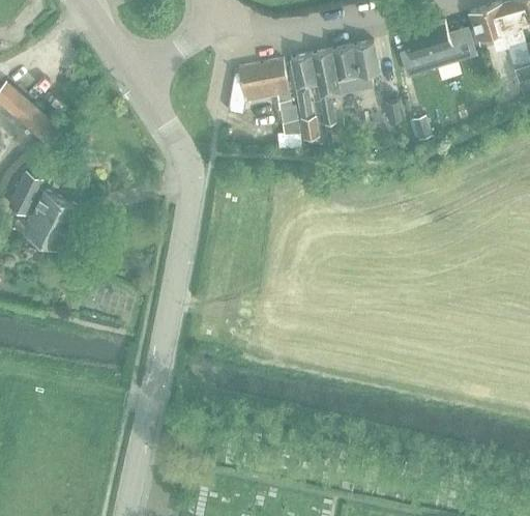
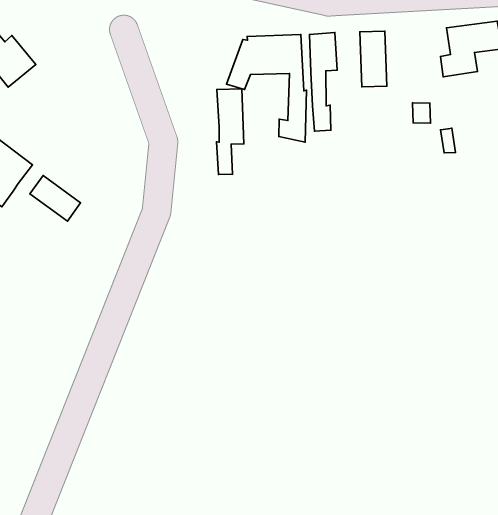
building: [351,41,379,91] -> none
building: [310,50,340,124] -> [217,89,244,174]
building: none -> [30,176,81,221]

